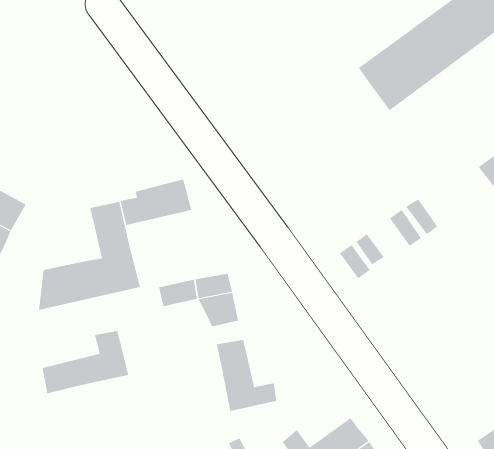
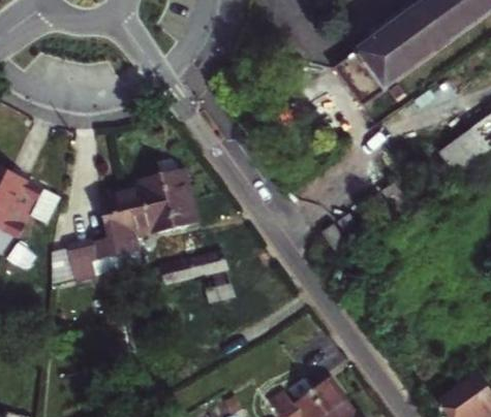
building: none -> [129,193,195,231]
building: [42,330,129,394] -> none
building: [216,339,277,412] -> none

